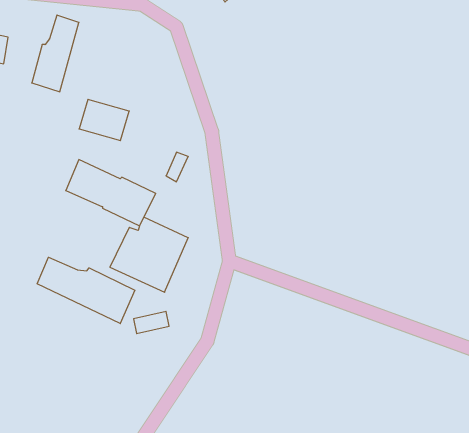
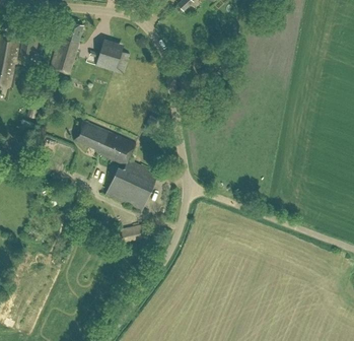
building: [79,99,129,141] -> [95,46,130,74]
building: [37,257,135,324] -> none

